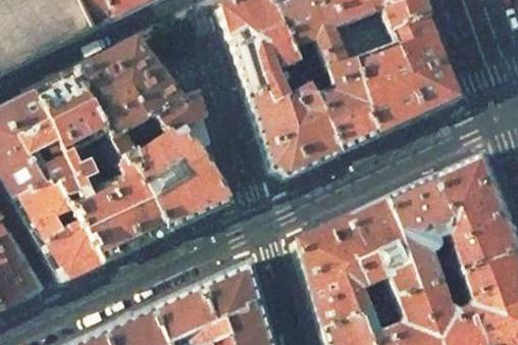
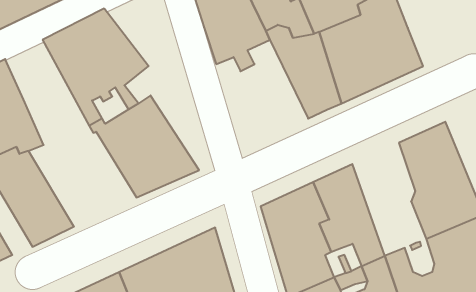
building: [37,71,169,260] -> none
building: [250,71,343,177] -> none
building: [157,94,232,203] -> none
building: [387,176,451,290] -> none

